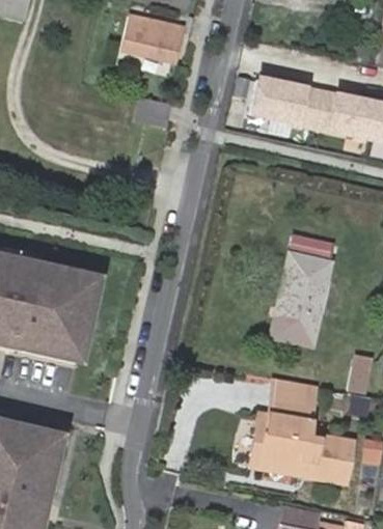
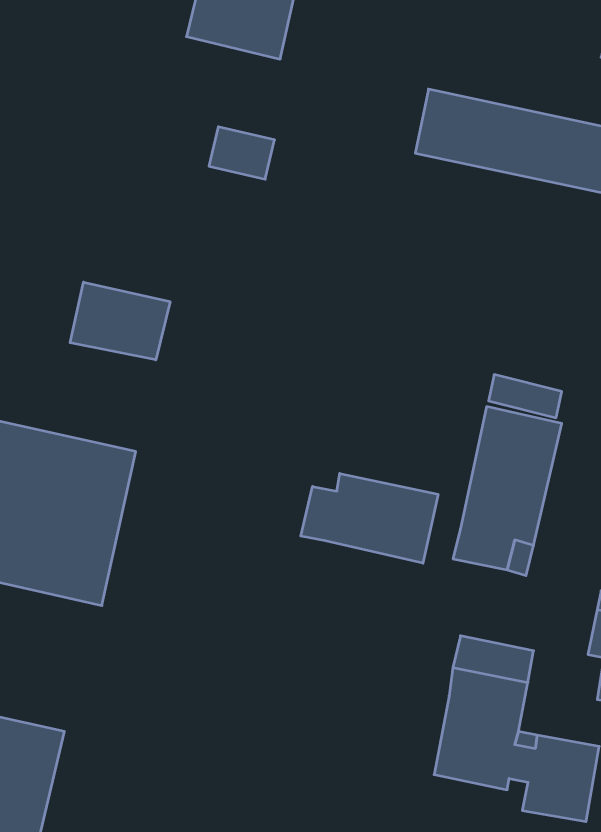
building: none -> [70,282,170,360]
building: none -> [301,473,438,563]
building: [252,411,316,475] -> none

